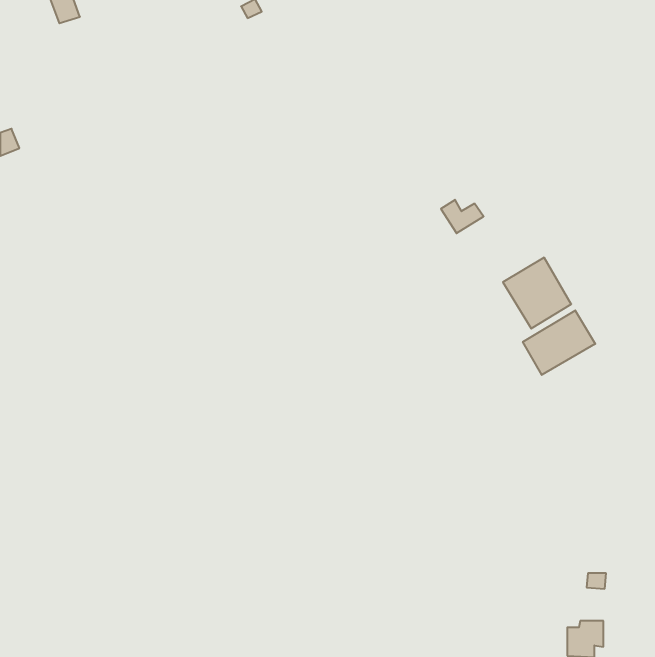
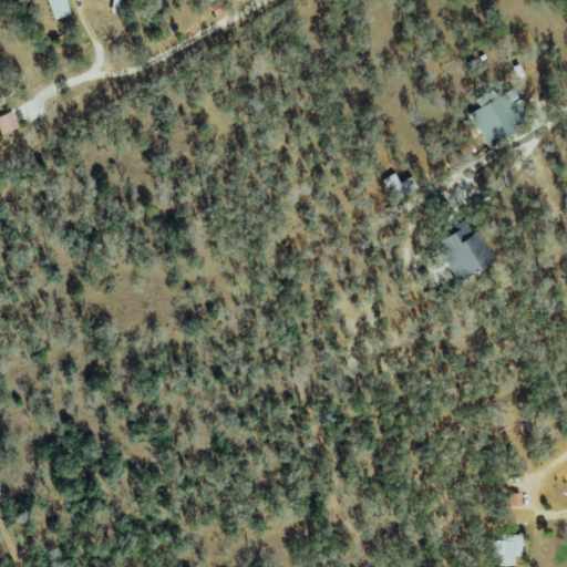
building: none -> [472,91,524,146]
building: [523,310,595,375] -> none

